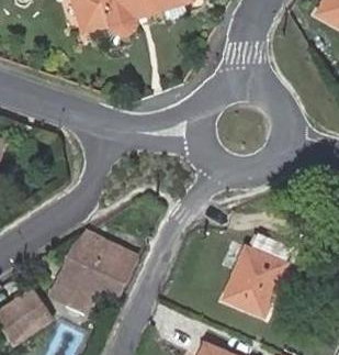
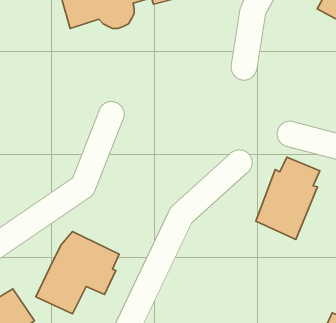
building: [224,233,285,312] -> [256,157,320,240]

